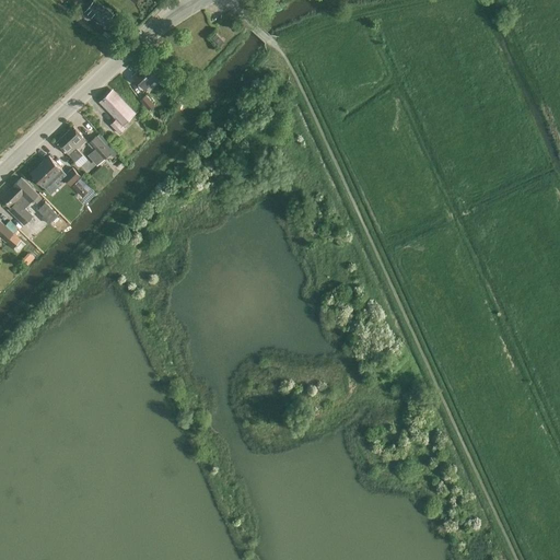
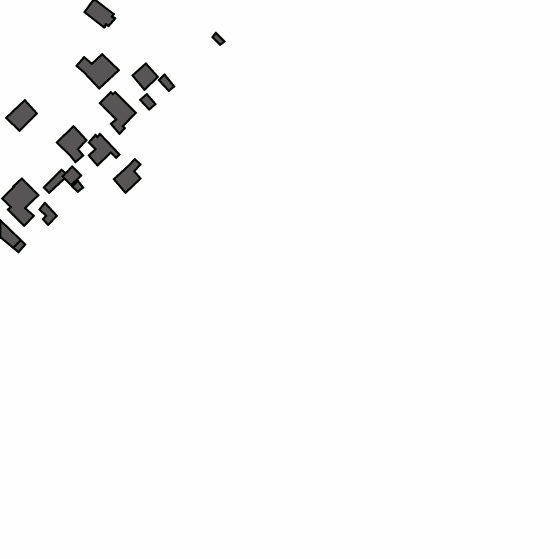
building: none -> [76,54,119,89]
building: [31,158,61,188] -> [6,100,37,131]
building: none -> [114,159,141,193]

